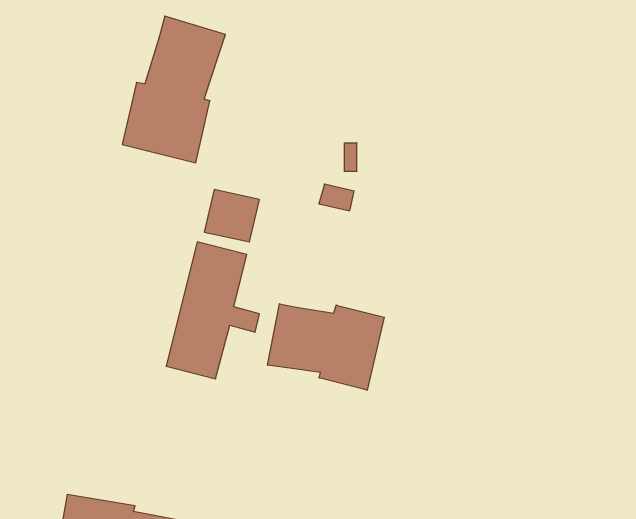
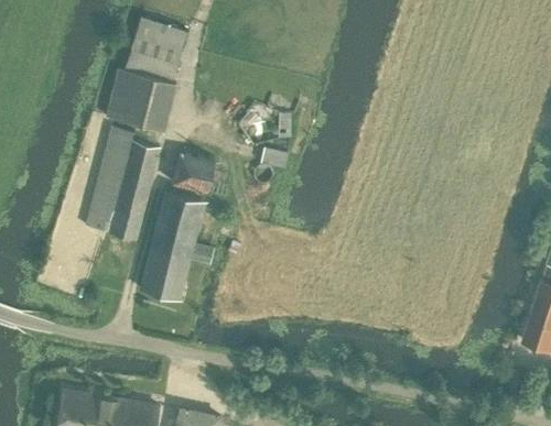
building: none -> [85,125,161,239]
building: [268,304,384,390] -> none

